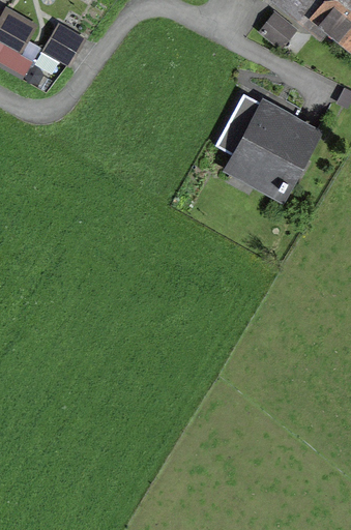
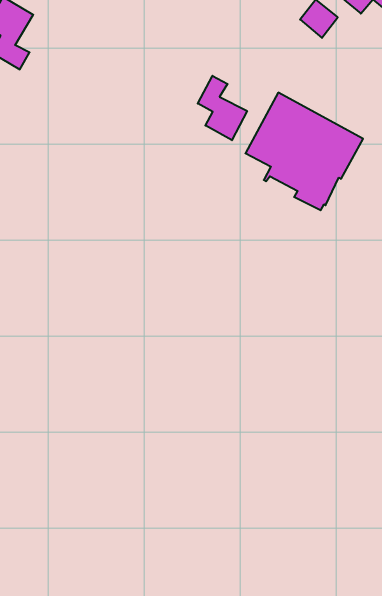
building: [45,26,85,65] -> none
building: none -> [198,76,247,140]

